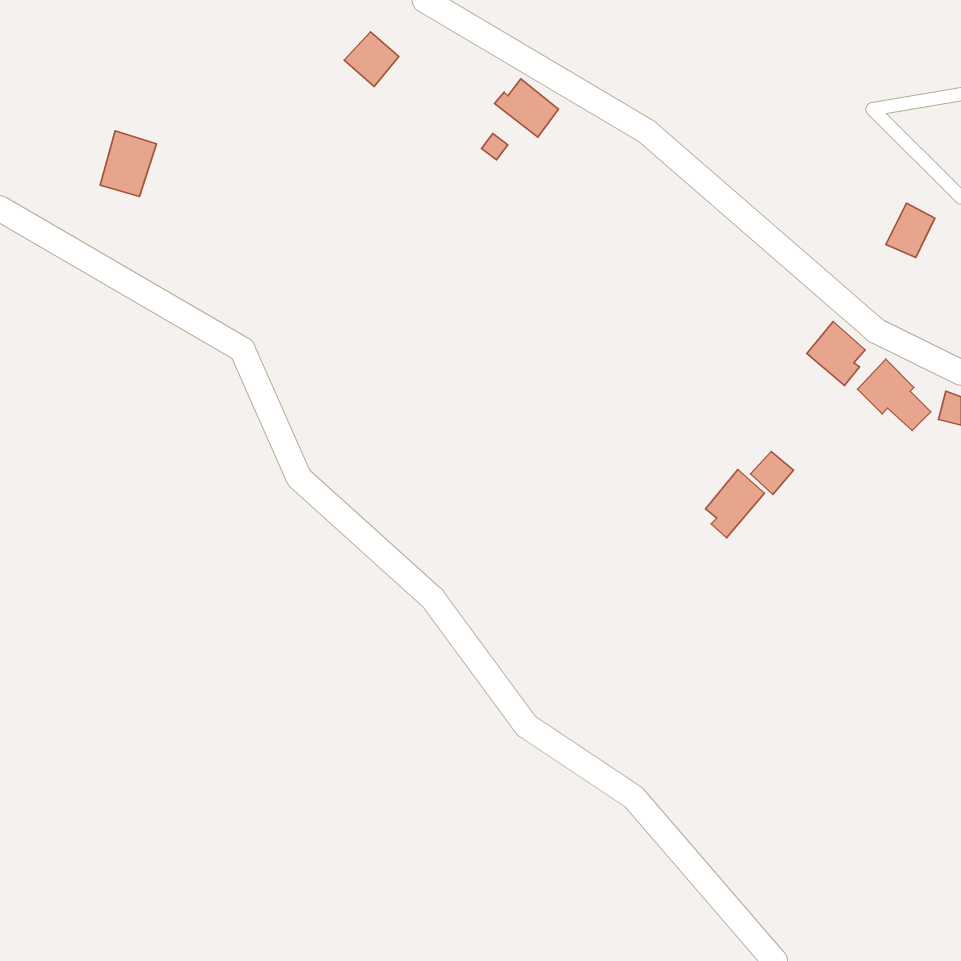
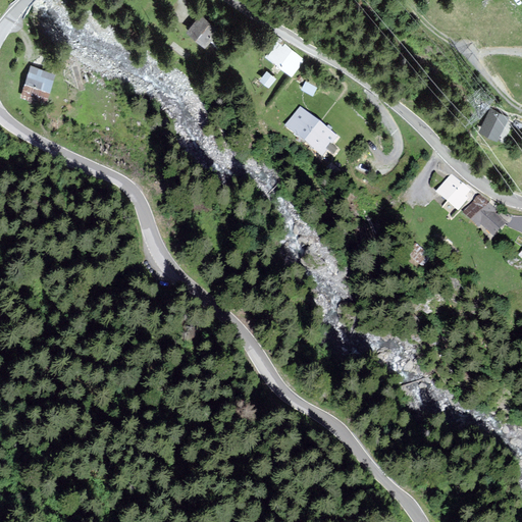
building: [100,131,157,197] -> [23,67,54,103]
building: none -> [288,108,335,152]
building: [706,470,764,538] -> none

